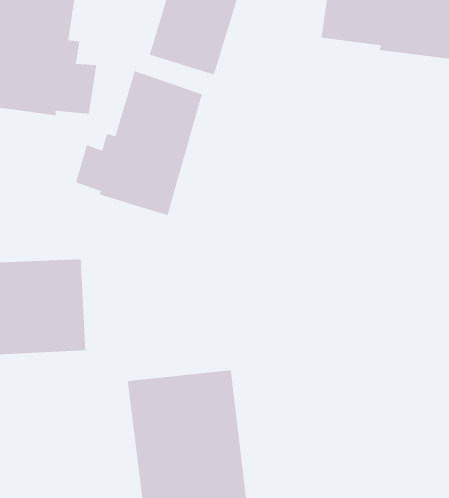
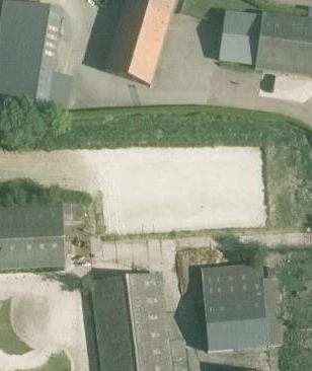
building: [75,70,203,216] -> none
building: none -> [201,262,283,350]

